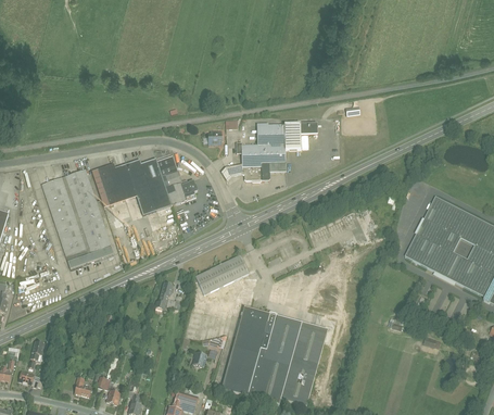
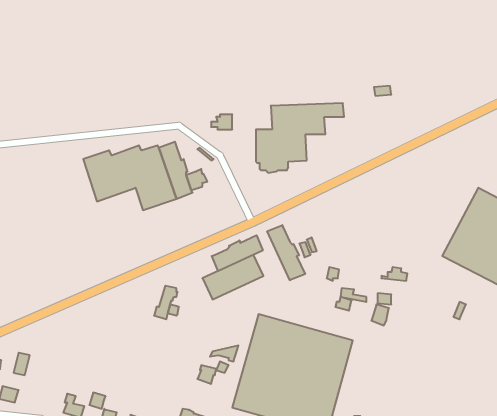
building: [41,171,113,268] -> none
building: none -> [267,225,305,280]
building: none -> [212,235,263,271]

